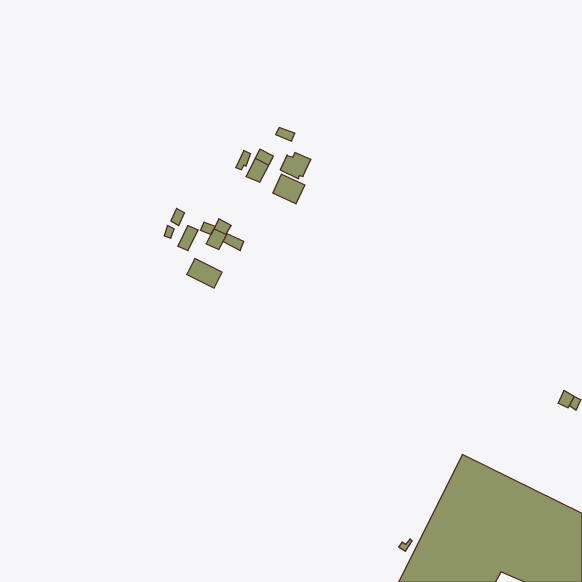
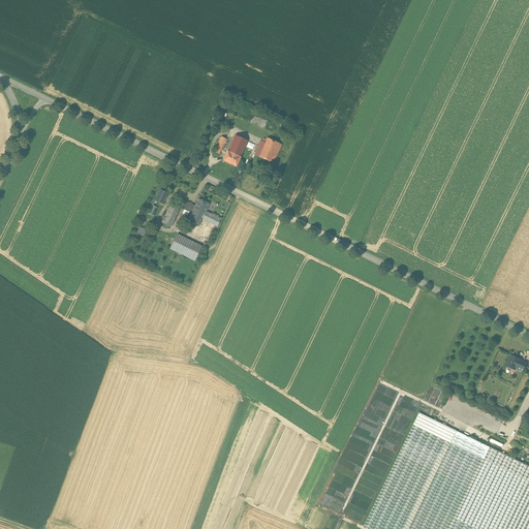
building: [273,174,305,204] -> none

